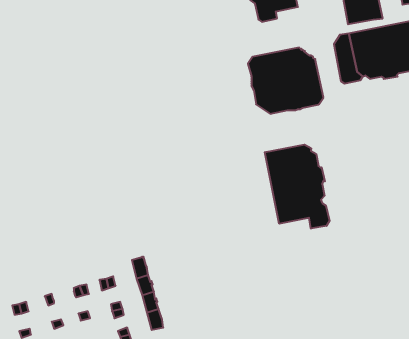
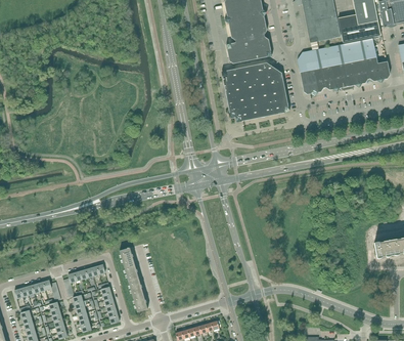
building: none -> [226,27,272,63]
building: [265,145,330,229] -> none

